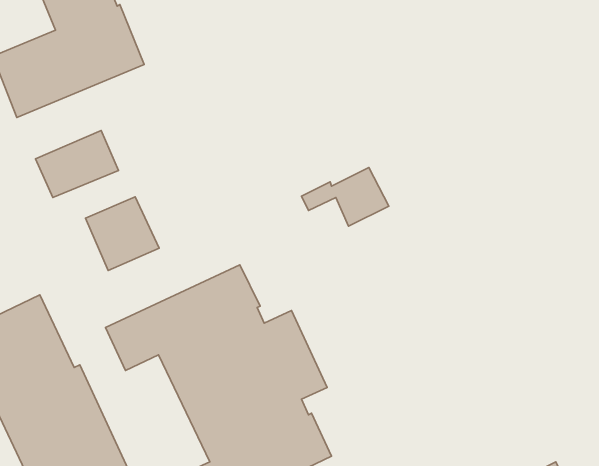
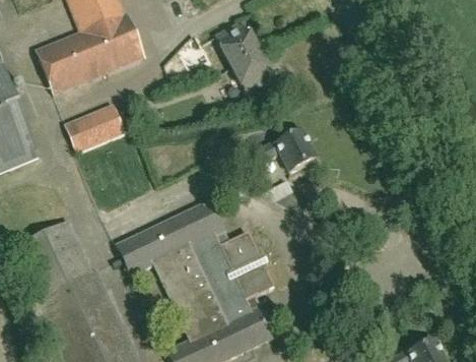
building: none -> [214,24,273,96]
building: [85,197,159,271] -> none

